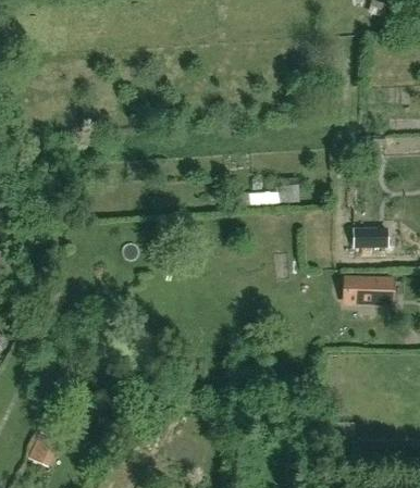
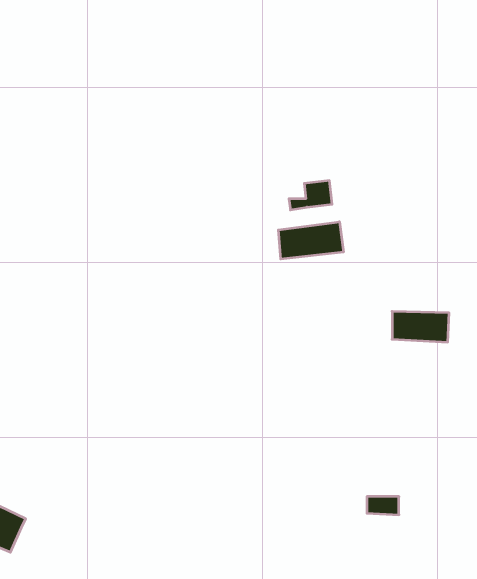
building: none -> [278,222,343,259]
building: [354,227,386,246] -> none

